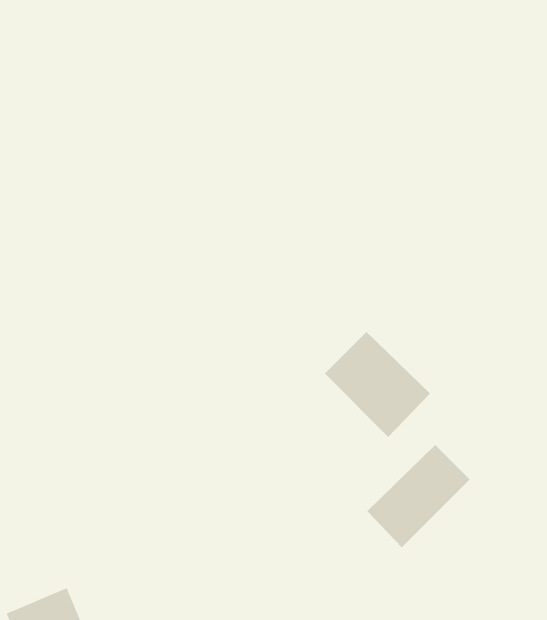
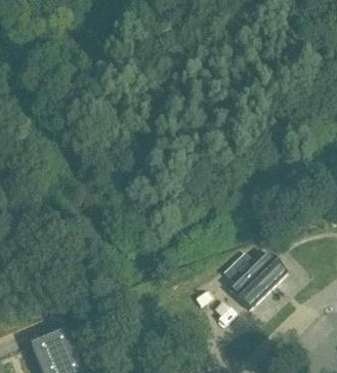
building: [324,331,431,438] -> none

